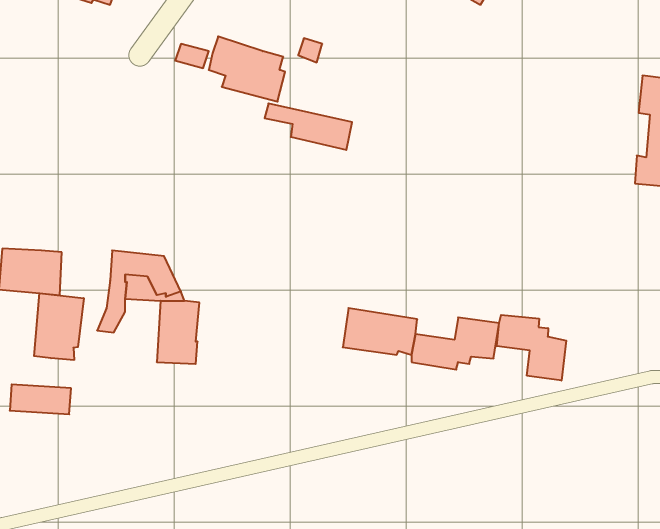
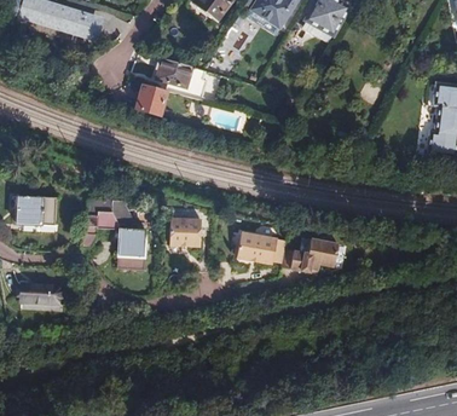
building: none -> [132,82,163,115]
building: none -> [172,220,204,248]
building: [34,293,84,360] -> none
building: [497,315,566,381] -> none

